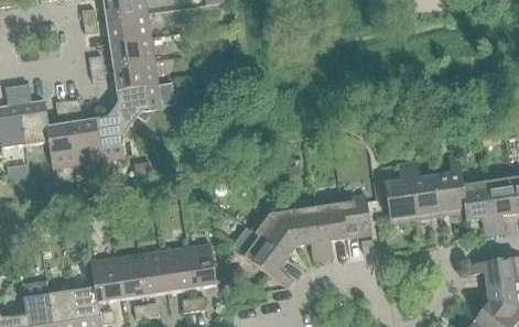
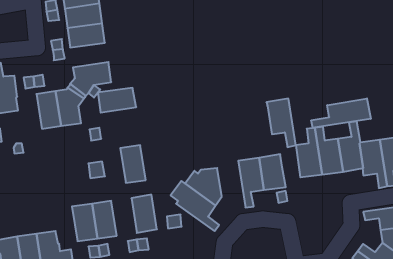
building: [111,59,158,89] -> [98,88,136,113]
building: [46,121,77,167] -> none
building: none -> [311,98,371,128]
building: [288,201,323,260] -> [266,99,296,147]
building: [161,247,192,292] -> [120,145,146,183]
building: [89,257,120,302] -> none

